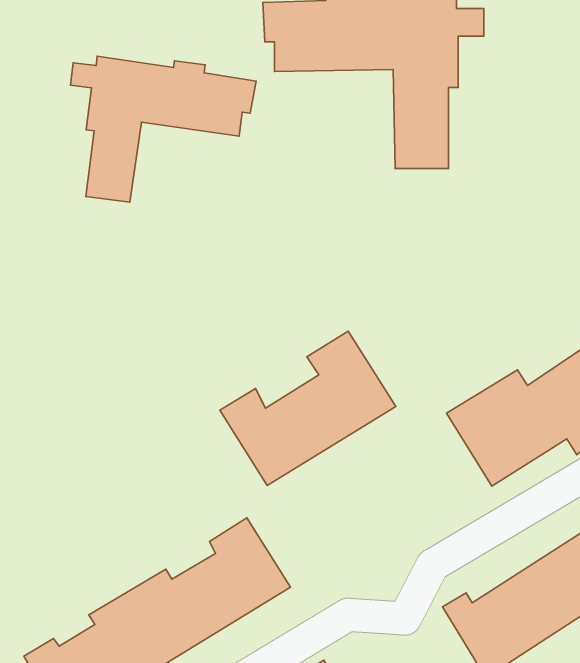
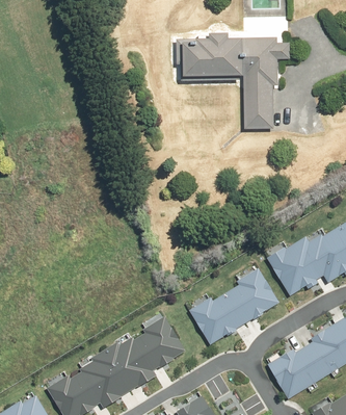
building: [70,56,256,202] -> none
building: [220,331,396,485] -> [188,259,281,340]

